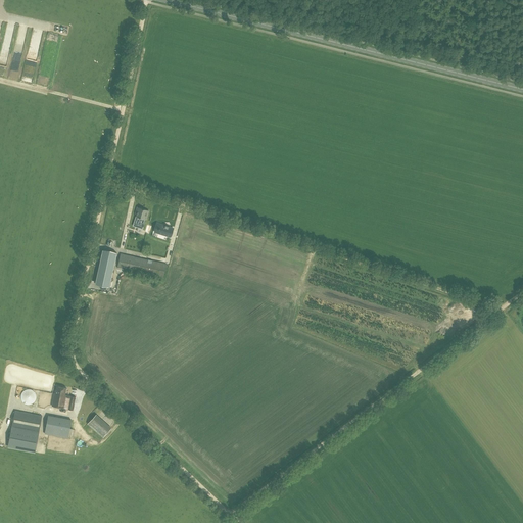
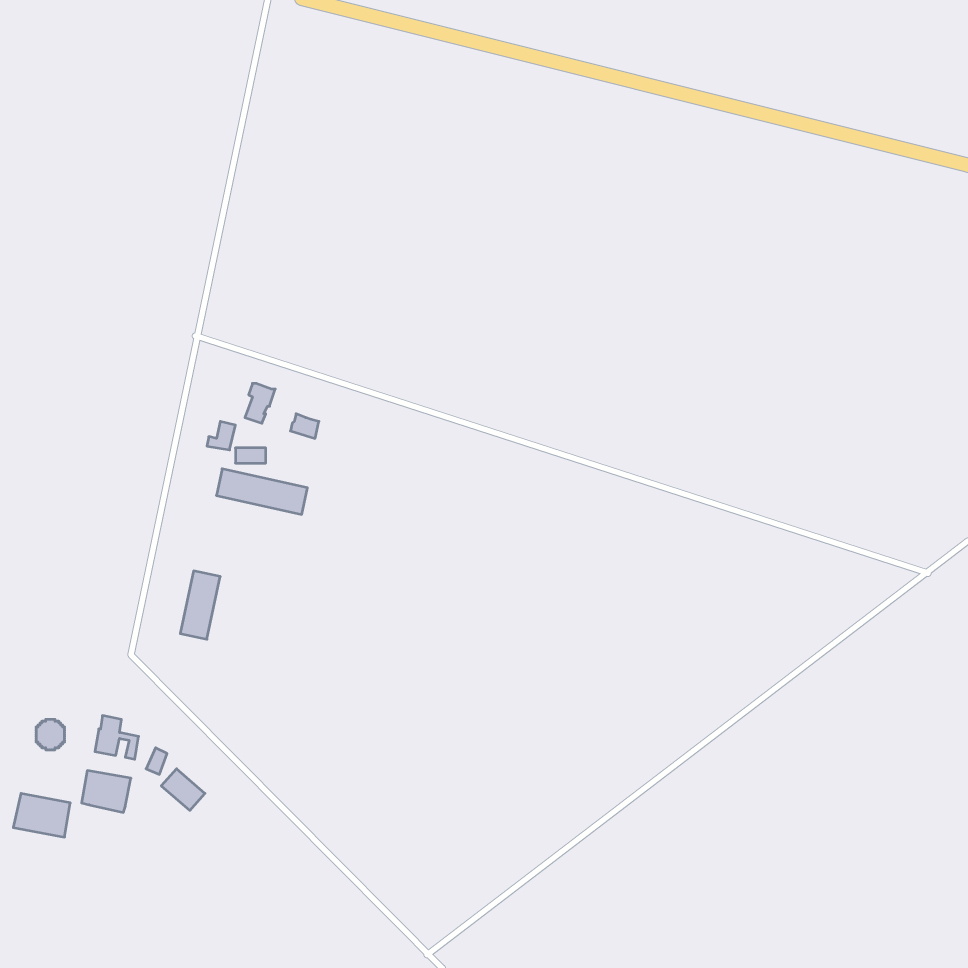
building: [94,249,115,286] -> [180,571,220,639]
building: [11,410,41,432] -> none

